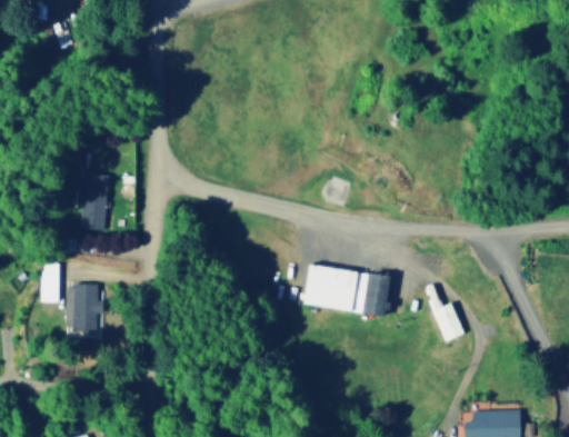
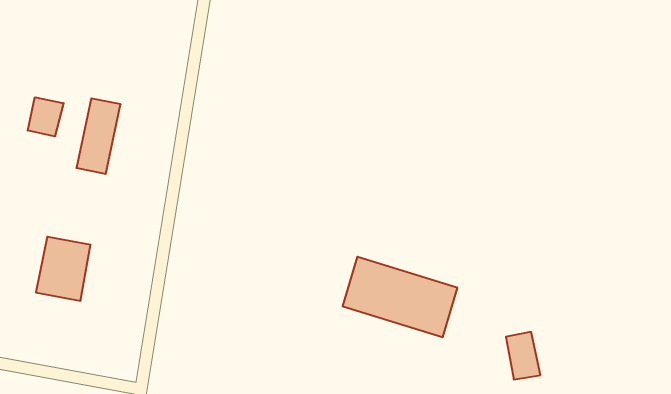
building: none -> [28,97,64,136]
building: [42,264,59,302] -> none

